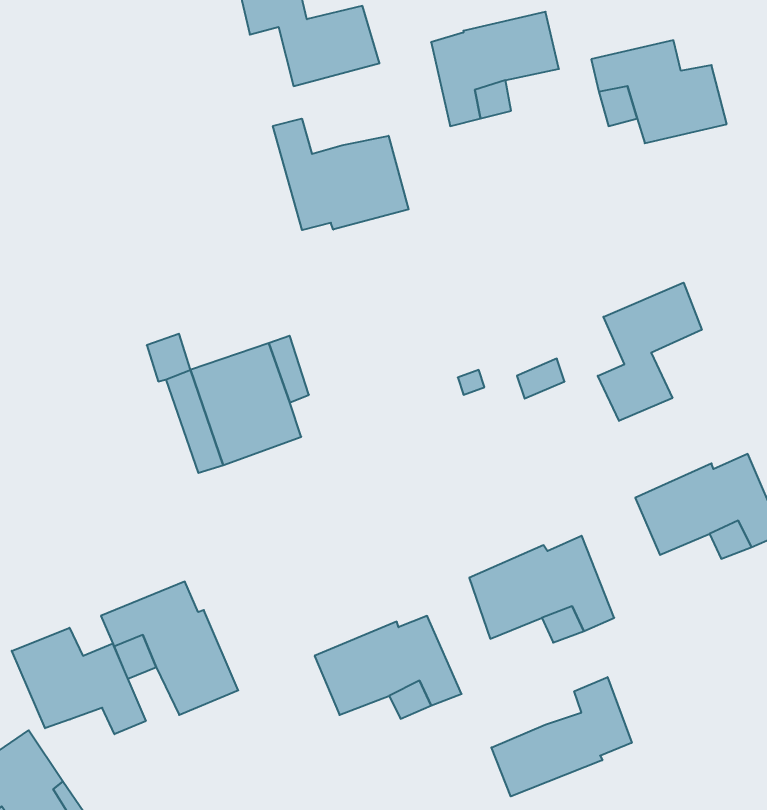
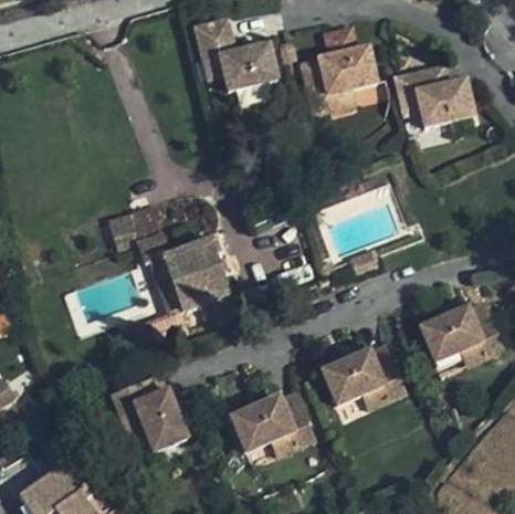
building: [273,119,409,230] -> none
building: [598,283,702,421] -> none
building: [12,628,146,734] -> none
building: [491,677,632,796] -> none

